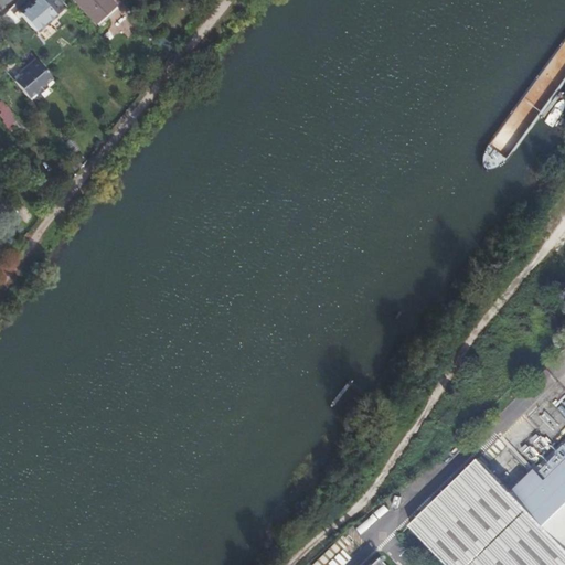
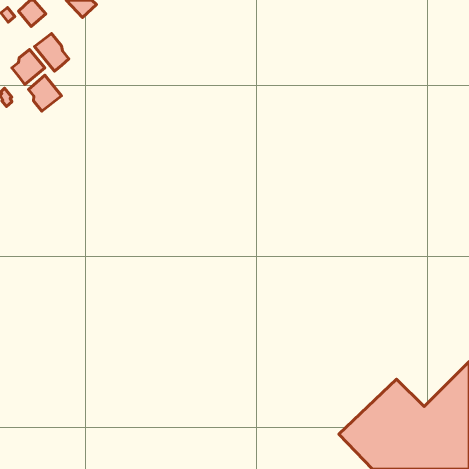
building: none -> [34,33,69,71]
building: none -> [28,75,62,111]

